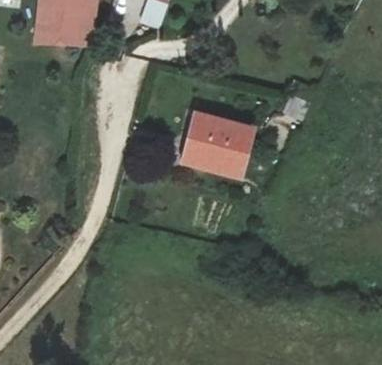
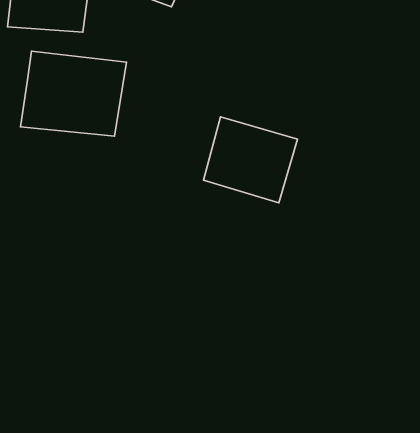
building: none -> [21,51,127,136]

